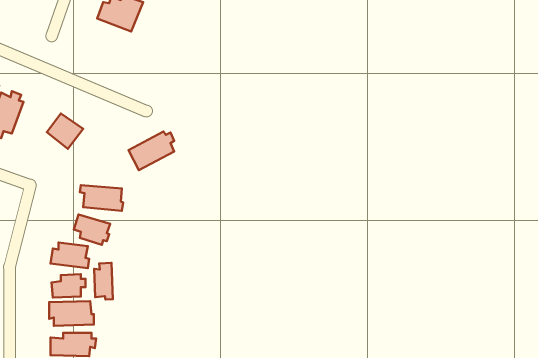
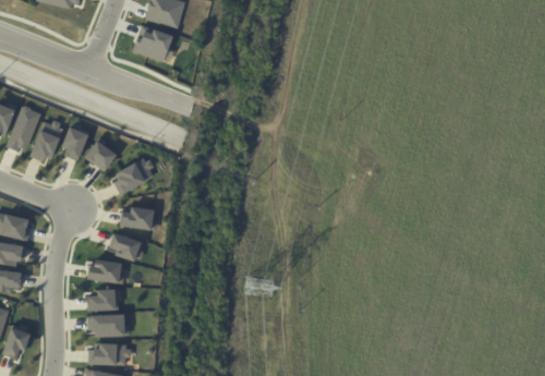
building: none -> [62,125,90,160]
building: [128,131,174,170] -> [110,158,153,194]
building: [94,263,113,300] -> none

